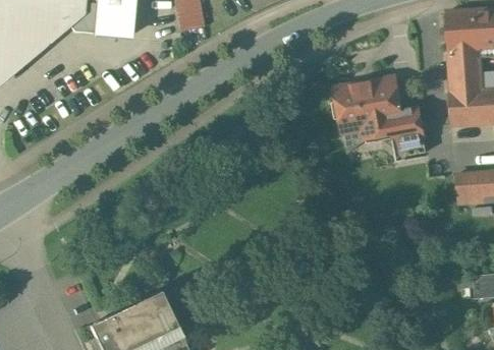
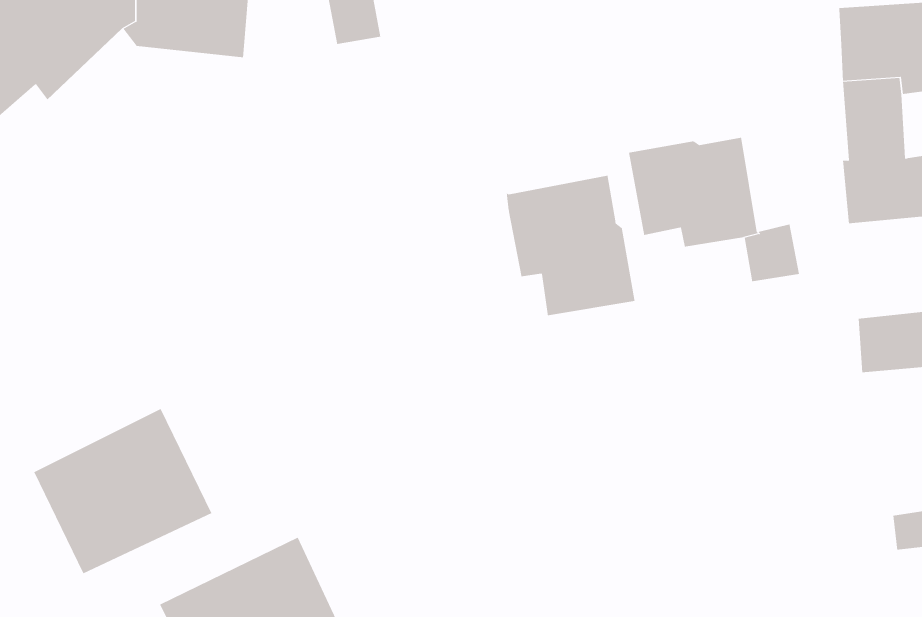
building: none -> [506,175,635,316]
building: none -> [33,408,212,574]

